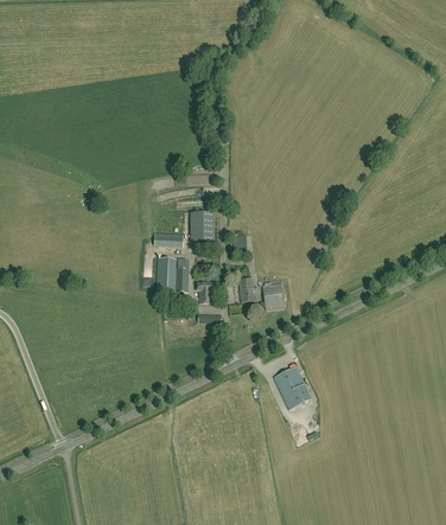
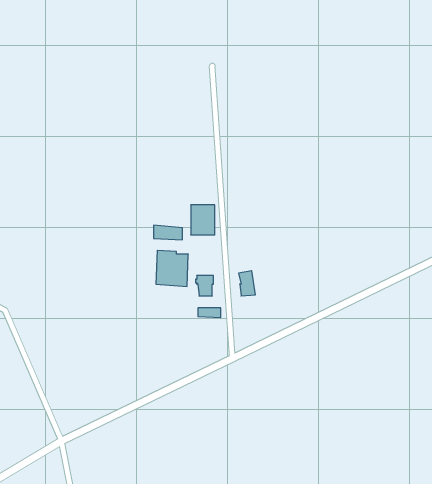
building: [262,281,285,309] -> none
building: [274,365,311,408] -> none

